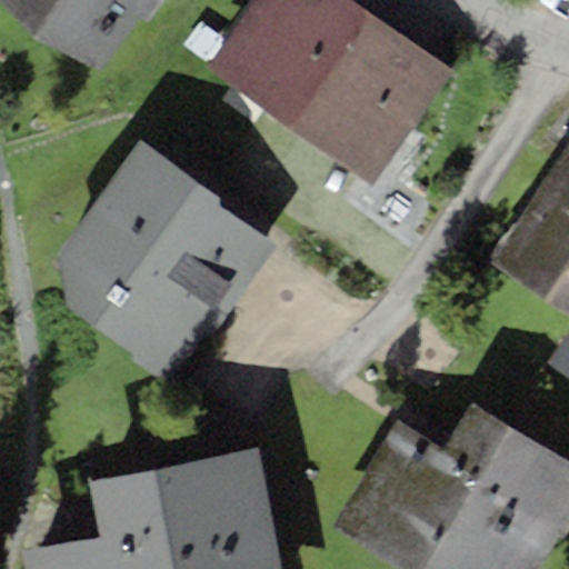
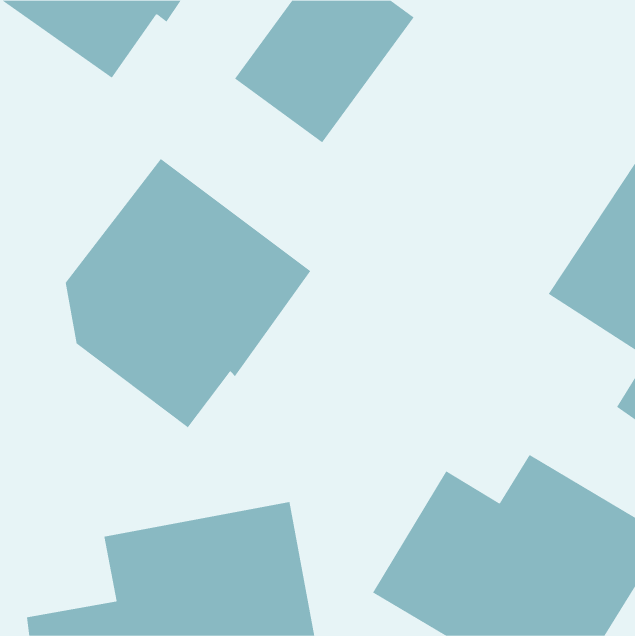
building: [289,16,450,186] -> none

